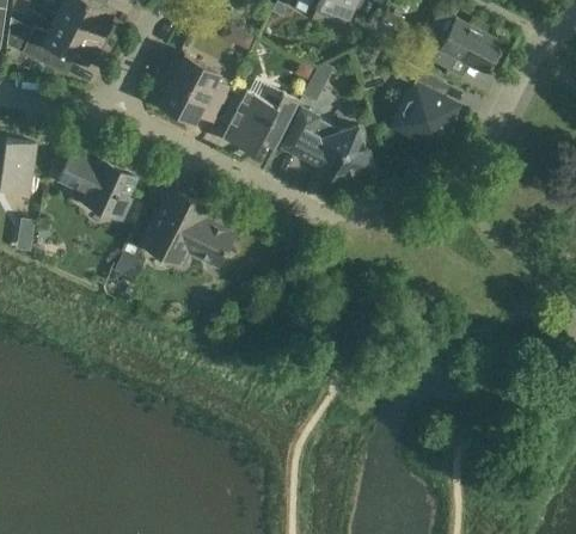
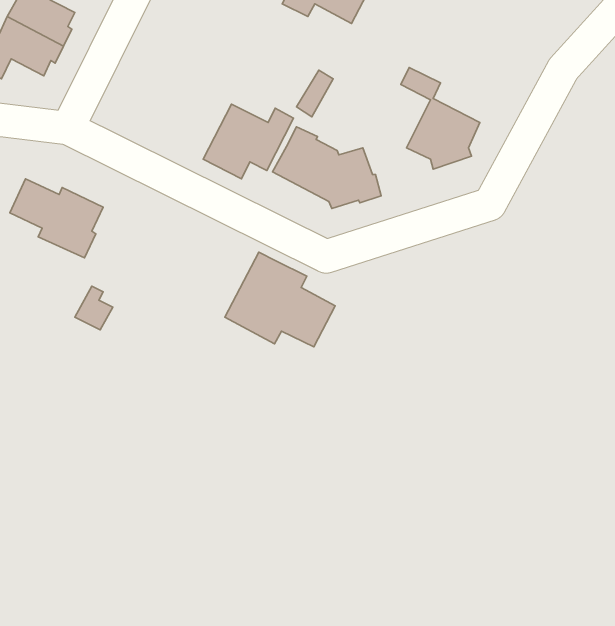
building: [419,19,502,73] -> none
building: [160,55,231,122] -> none
building: [142,188,235,268] -> [225,252,335,347]

